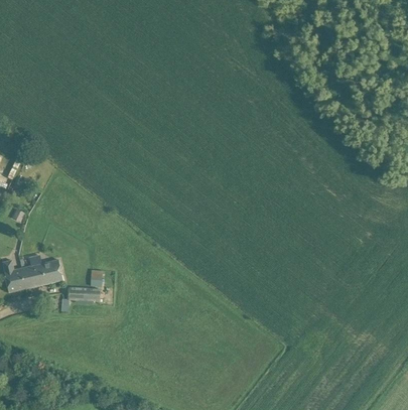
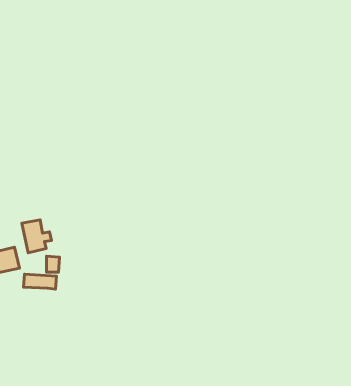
building: none -> [22,220,52,253]

